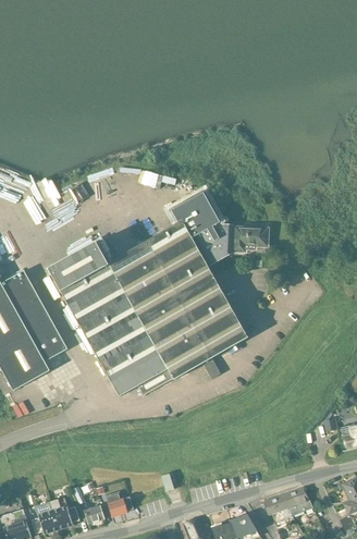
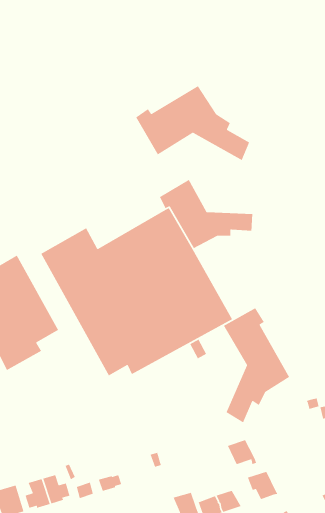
building: none -> [135,85,250,161]
building: none -> [223,307,290,424]
building: [283,488,315,515] -> [227,439,257,465]

